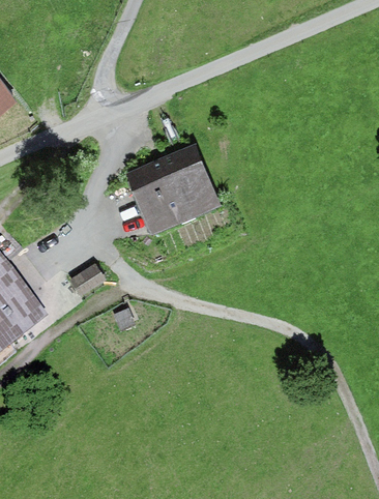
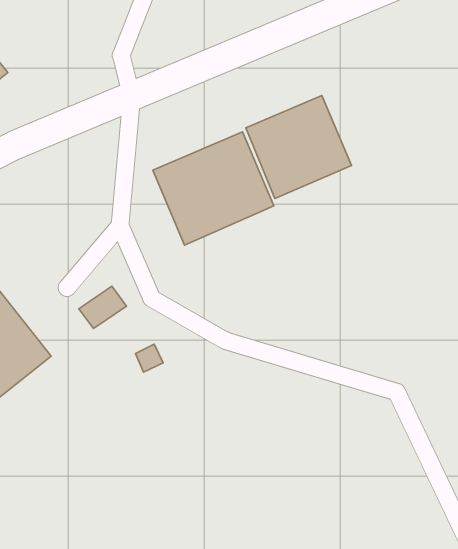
building: none -> [246,96,352,199]

